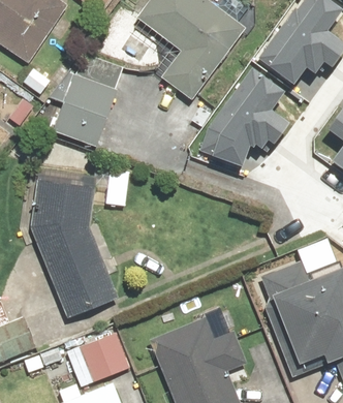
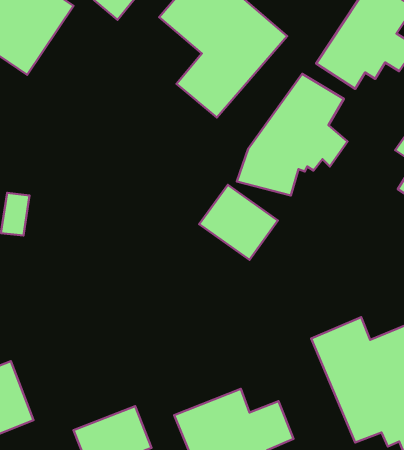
building: [55,54,123,148] -> none
building: none -> [199,185,278,260]
building: [28,161,118,318] -> none

